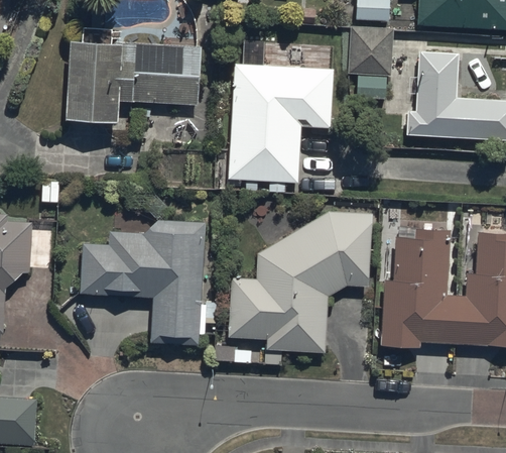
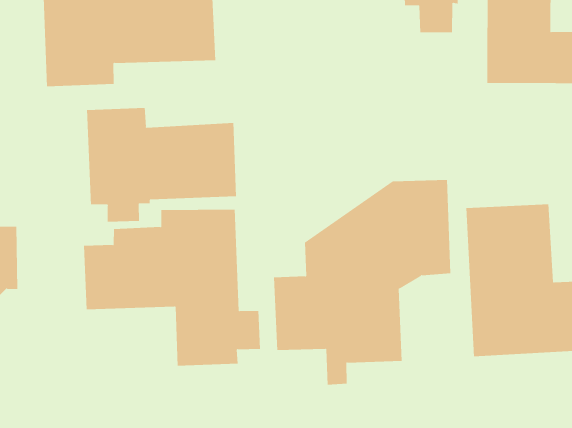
building: [230,70,335,189] -> none
building: none -> [87,107,237,223]

